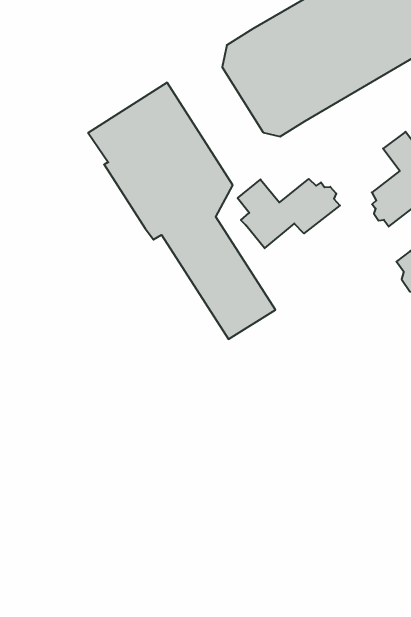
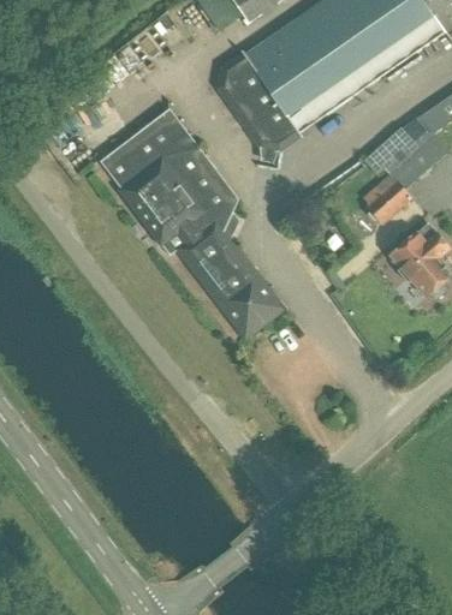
building: [238,179,340,248] -> none

